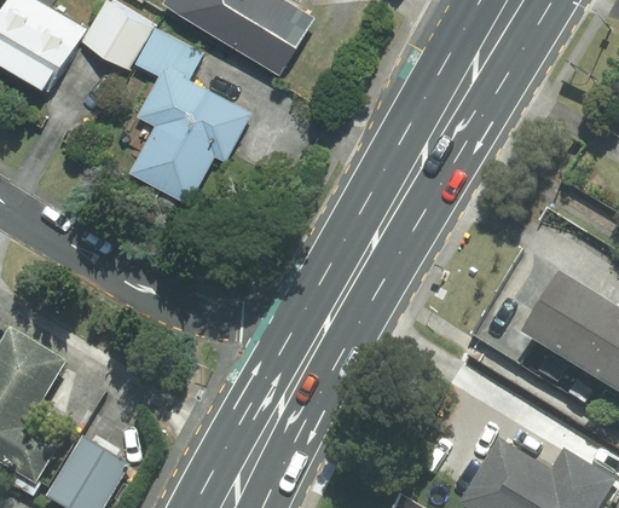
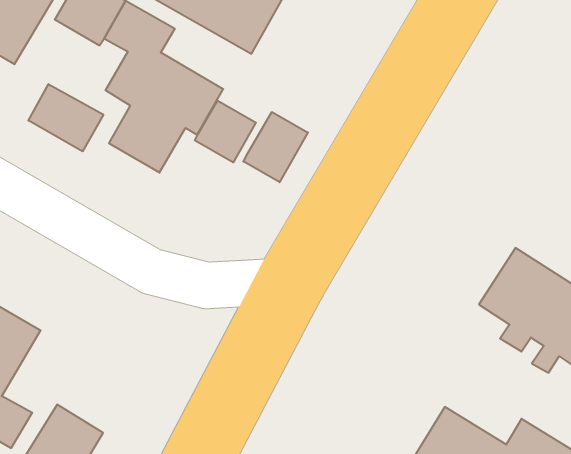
building: none -> [28,84,103,151]
building: none -> [195,101,256,162]
building: none -> [243,112,308,182]

